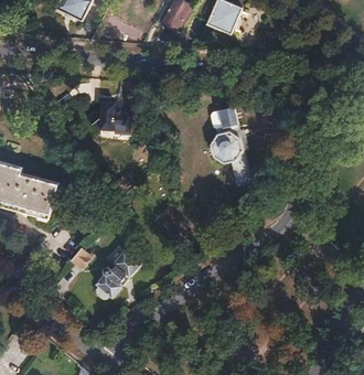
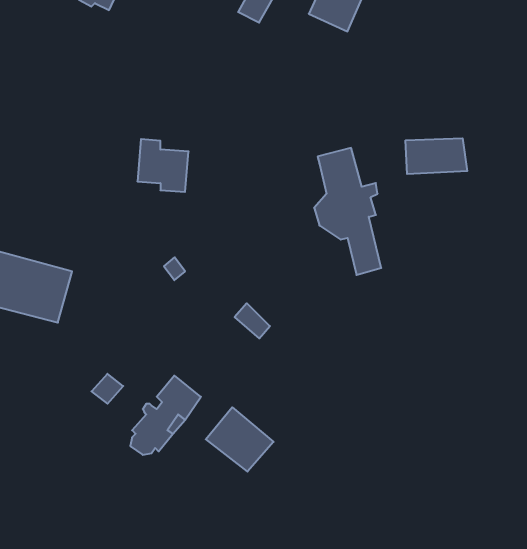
building: none -> [406,138,467,174]
building: none -> [206,407,274,472]

